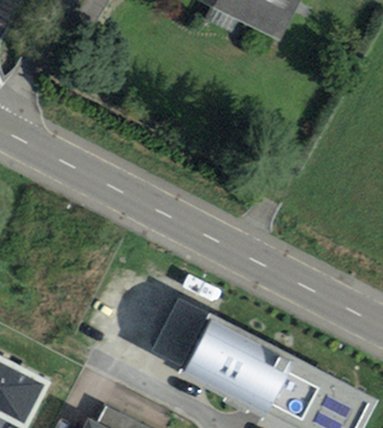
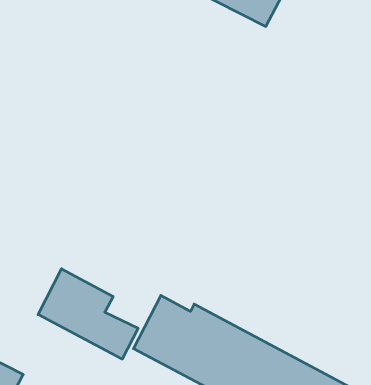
building: none -> [38,269,138,359]

